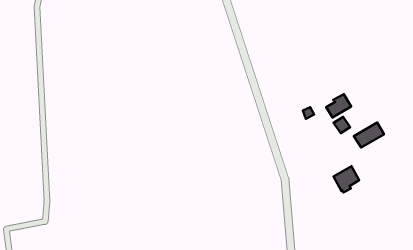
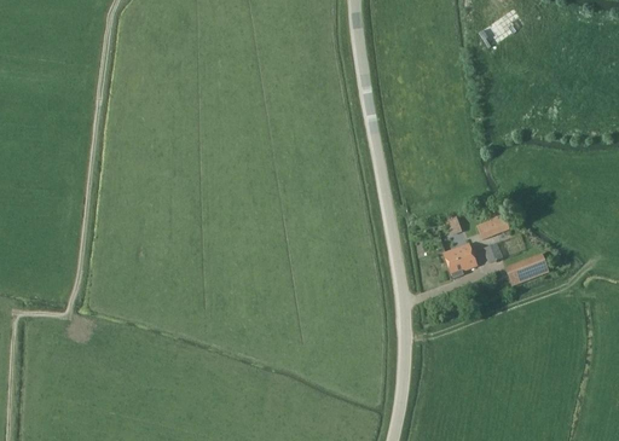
building: [334,166,359,193] -> [442,244,476,278]

